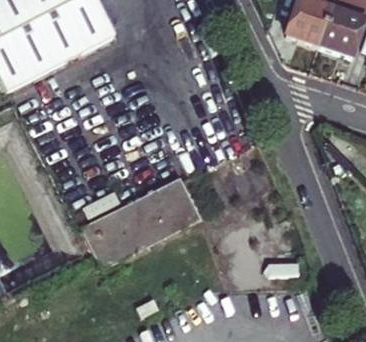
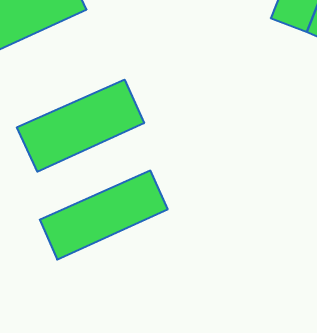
building: none -> [17,80,144,172]

